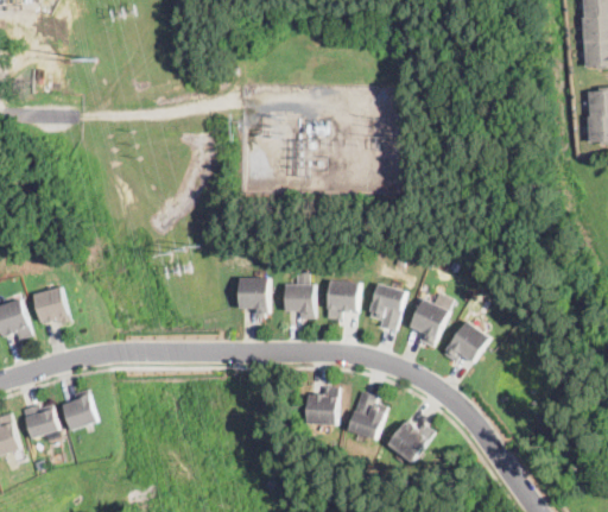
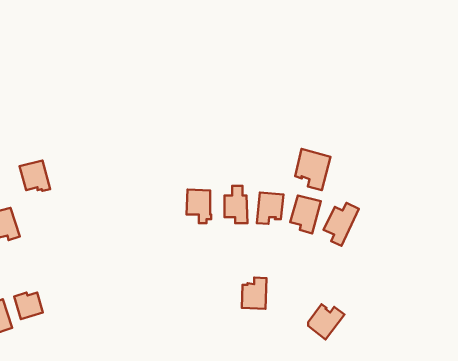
building: none -> [295,149,331,190]
building: [32,287,70,325] -> [20,160,50,191]
building: [444,321,490,364] -> none
building: [63,391,99,430] -> none
building: [347,391,387,440] -> none

